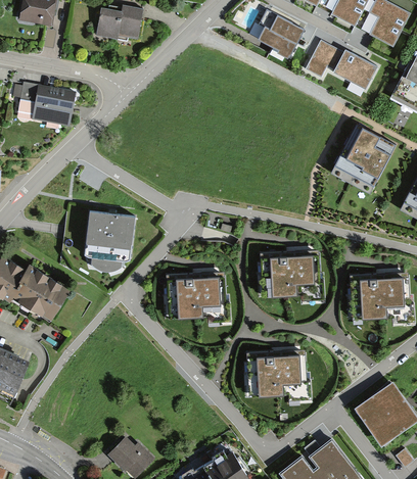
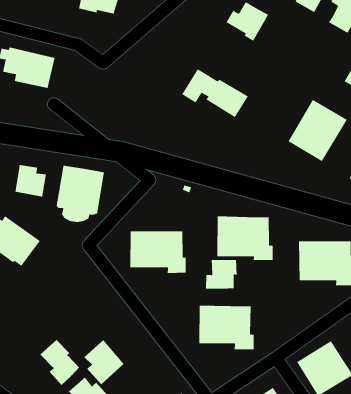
building: [305,41,378,93] -> [181,68,249,118]
building: none -> [15,164,47,198]
building: none -> [205,259,237,289]
building: none -> [83,339,125,385]
building: none -> [39,339,80,386]

